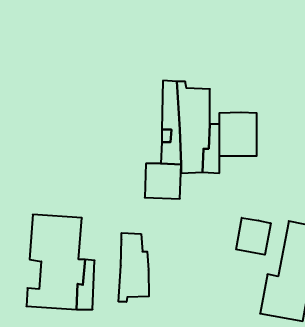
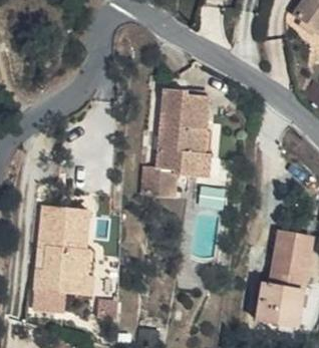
building: [219,112,257,156] -> none
building: [236,218,271,255] -> none
building: [119,233,149,302] -> none

